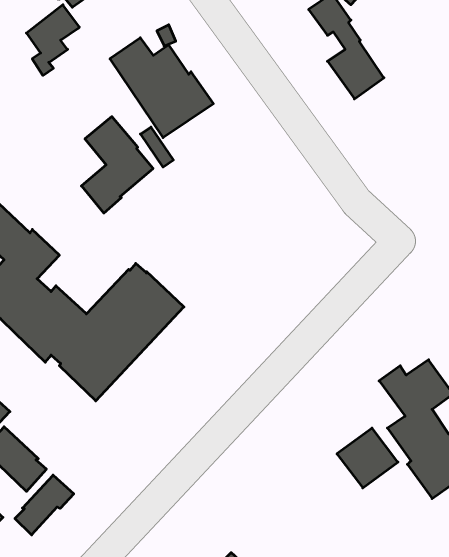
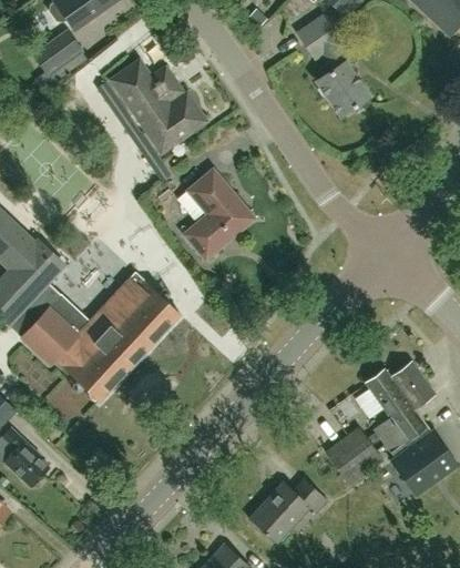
building: [81,117,153,213] -> [184,169,252,260]
building: [15,475,74,535] -> none
building: none -> [248,478,328,542]

